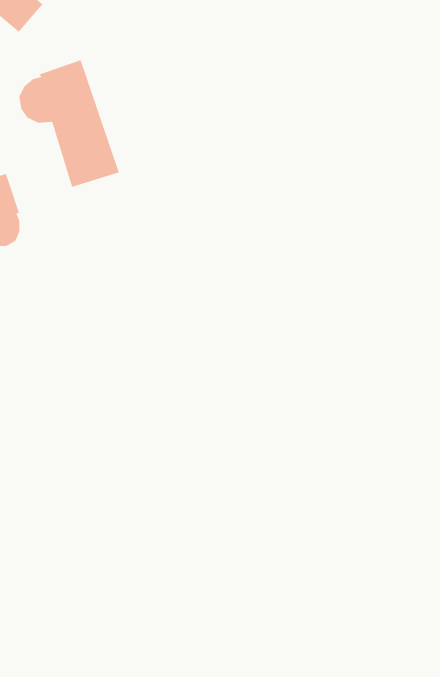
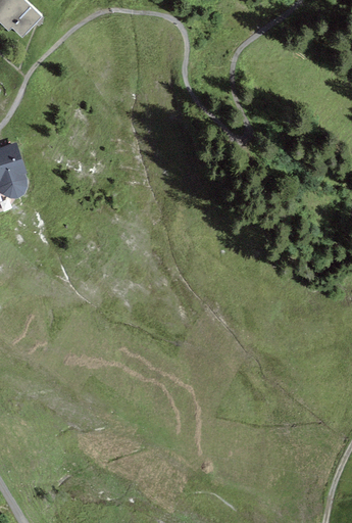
building: [18,59,120,188] -> none

